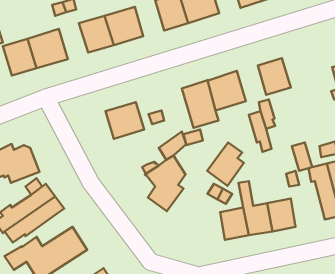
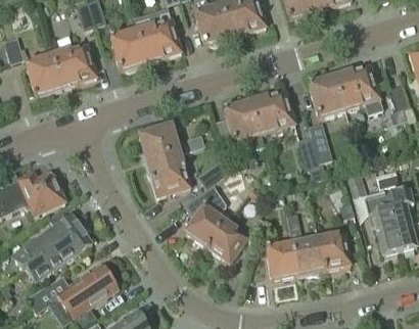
building: none -> [334,65,382,112]
building: none -> [147,155,190,196]
building: [207,143,244,186] -> [206,215,247,263]

